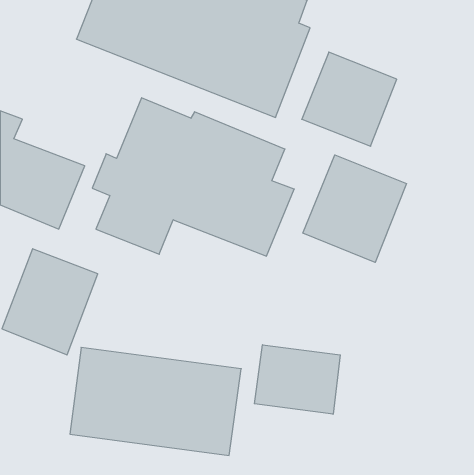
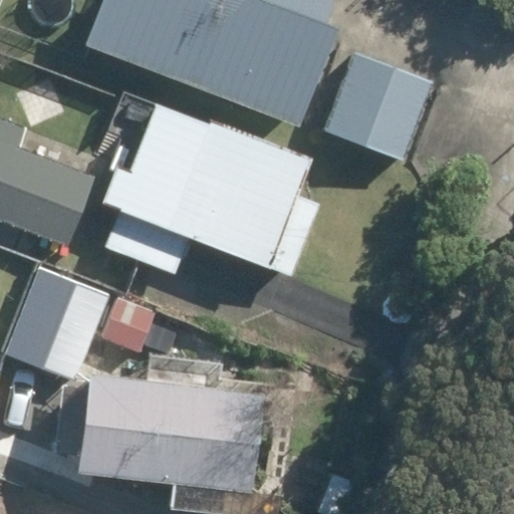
building: [303,155,406,262] -> none
building: [254,345,340,414] -> none

